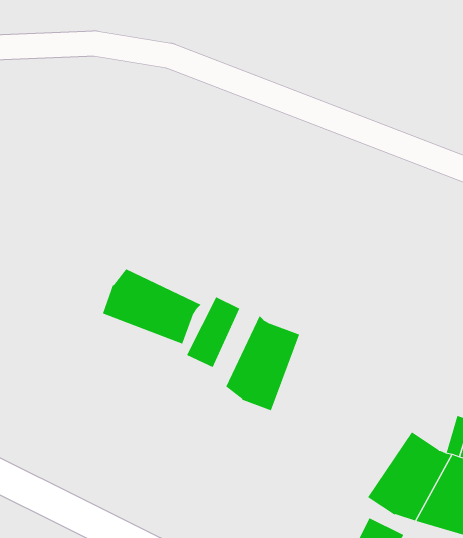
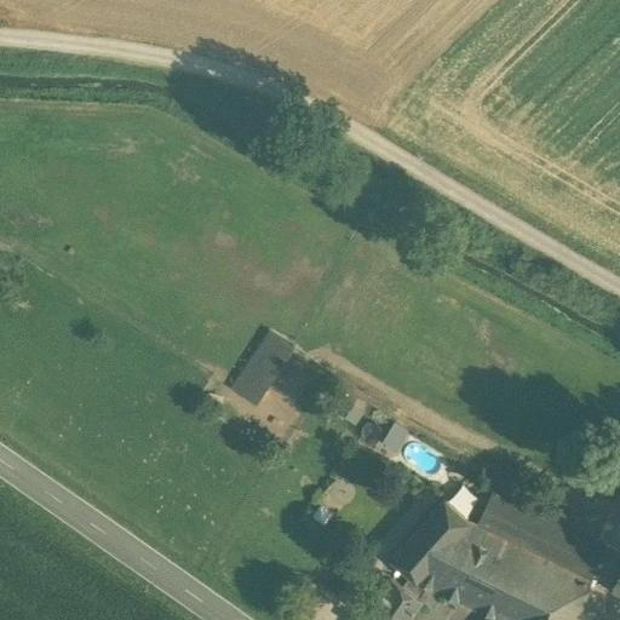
building: [102,269,201,345] -> none
building: [225,315,300,411] -> none

